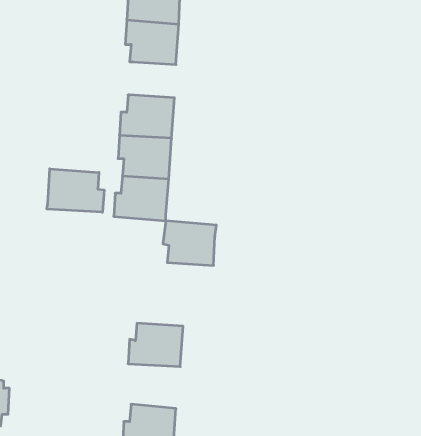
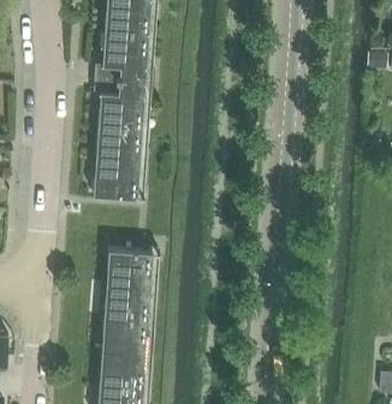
building: none -> [108,64,147,94]
building: [47,169,104,212] -> none
building: [163,221,216,265] -> [111,246,155,284]
building: none -> [106,315,150,352]

